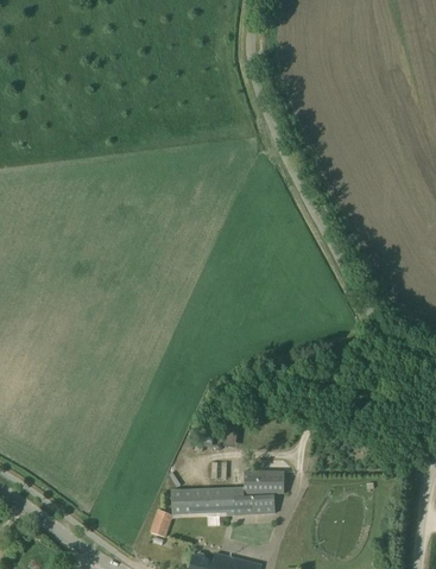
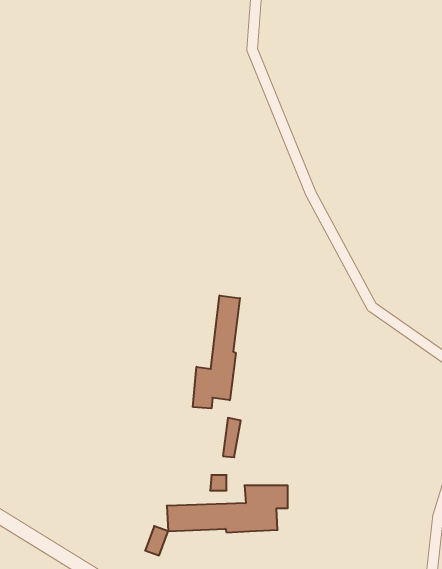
building: none -> [193,295,240,408]

